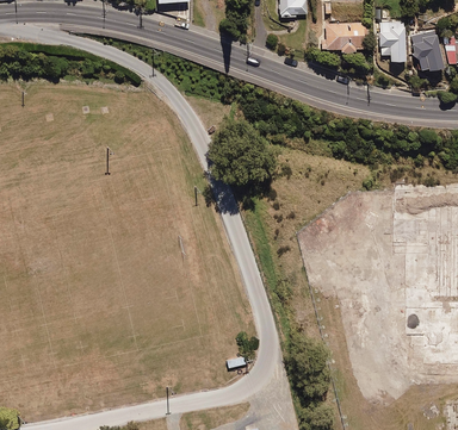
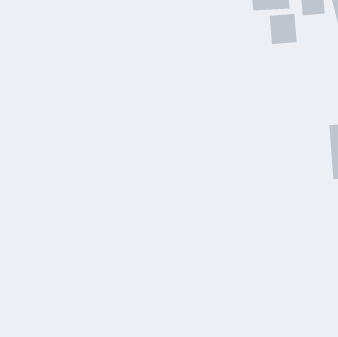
building: none -> [269,13,297,45]

